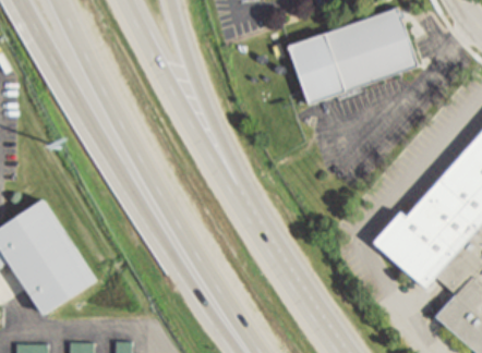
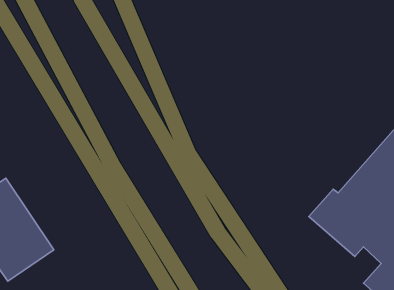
building: [291,7,421,104] -> none

